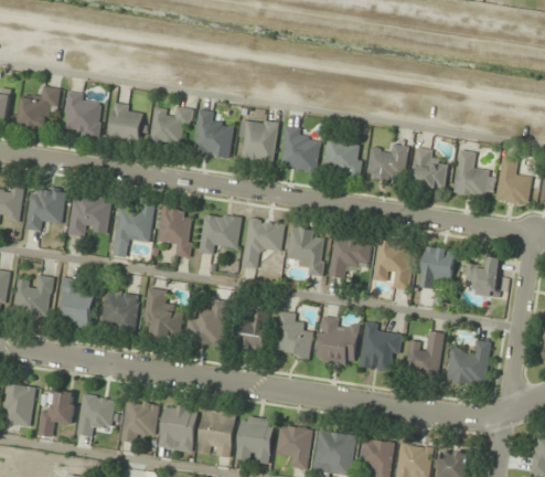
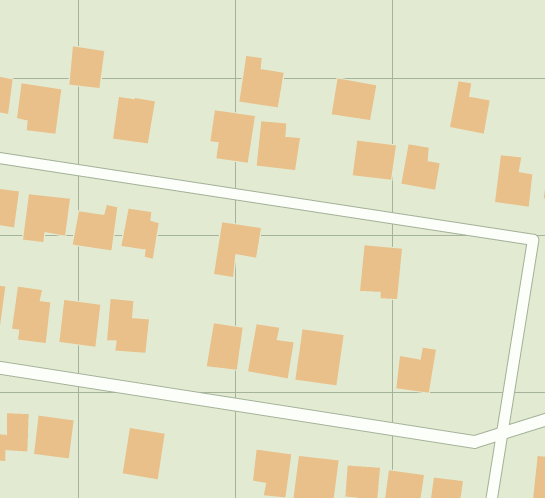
building: [109,104,142,142] -> [69,46,105,88]
building: [192,110,234,158] -> [238,56,285,108]
building: [322,138,364,177] -> [331,78,377,121]
building: [452,150,490,199] -> [449,81,491,134]
building: [199,212,241,254] -> none
building: [286,226,327,277] -> none
building: [328,235,371,279] -> none
building: [420,246,455,289] -> none
building: [464,257,500,295] -> none
building: [185,299,228,348] -> none
building: [357,325,400,374] -> none
building: [445,340,490,388] -> none
building: [121,401,158,443] -> none
building: [196,411,236,458] -> none
building: [235,416,274,465] -> none

